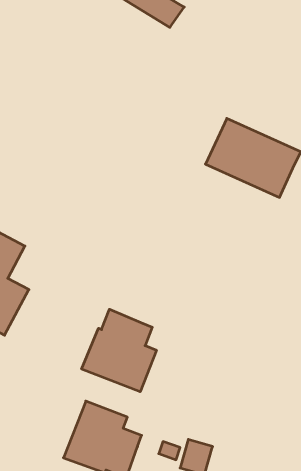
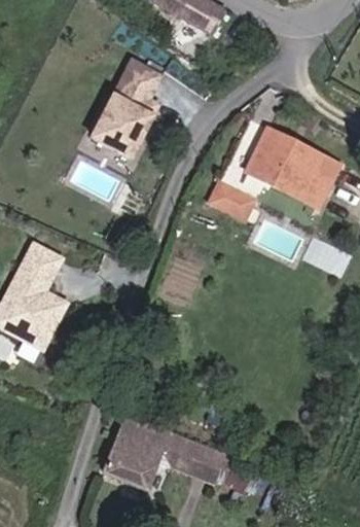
building: none -> [92,54,163,151]
building: none -> [212,184,255,219]
building: [82,309,156,392] -> none

